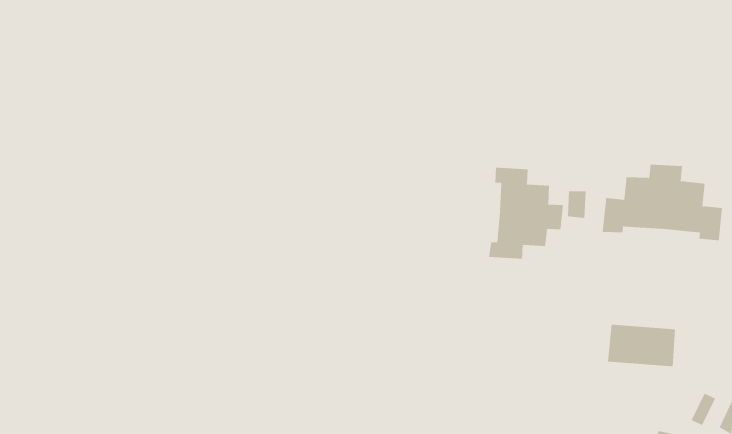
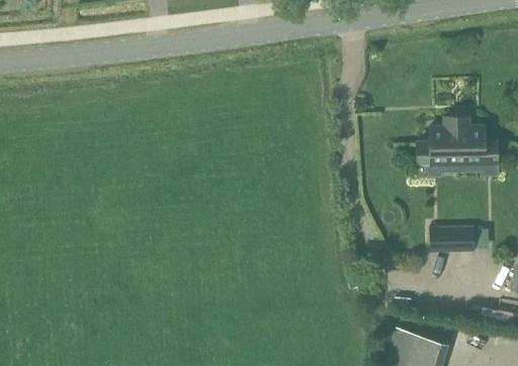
building: [489,167,564,259] -> none

